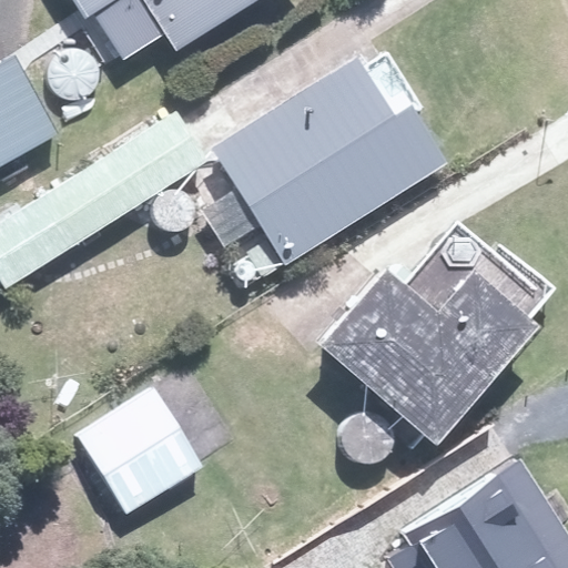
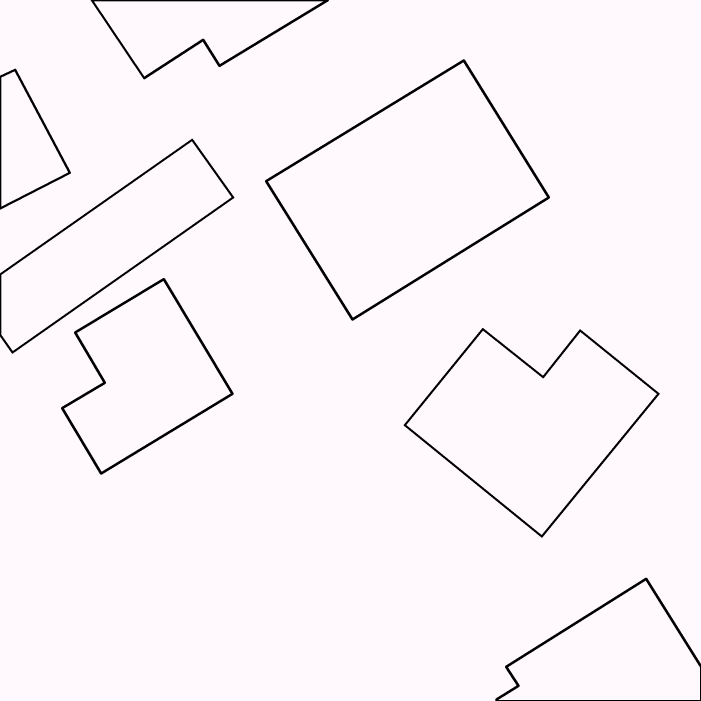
building: none -> [62,279,233,474]
building: [79,387,201,511] -> none

